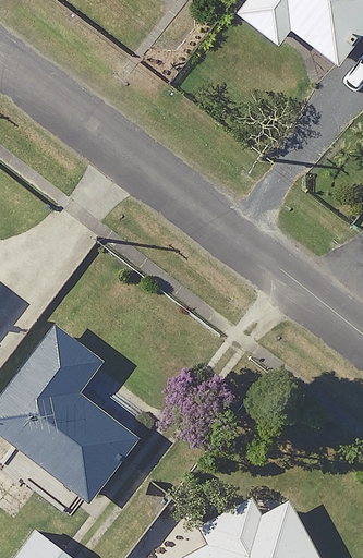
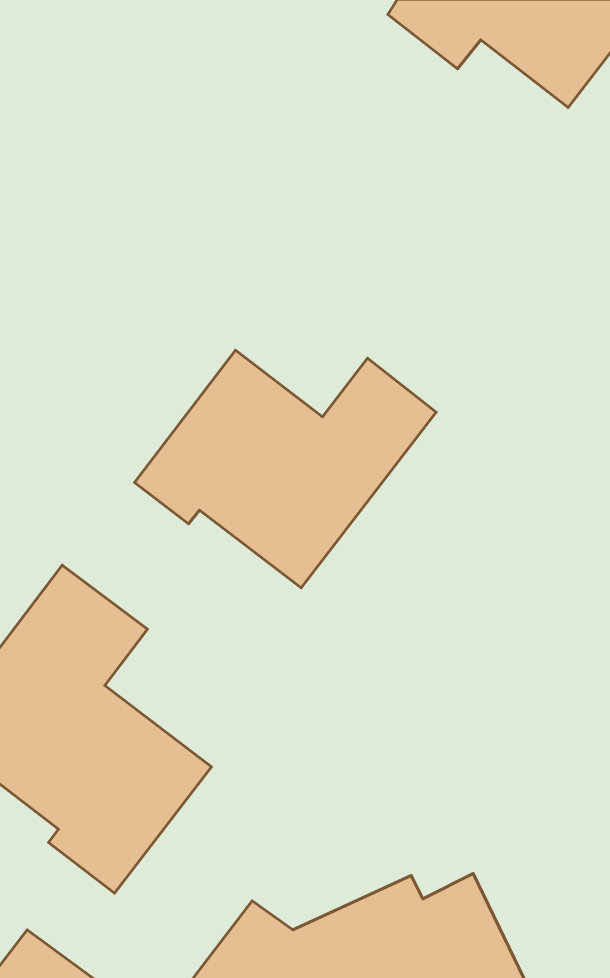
building: none -> [135,350,436,588]

